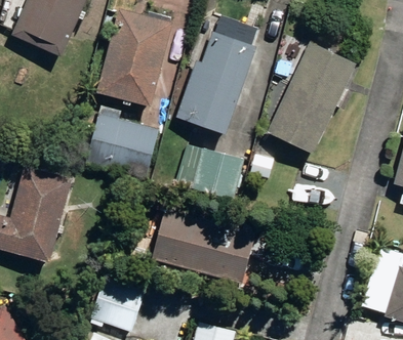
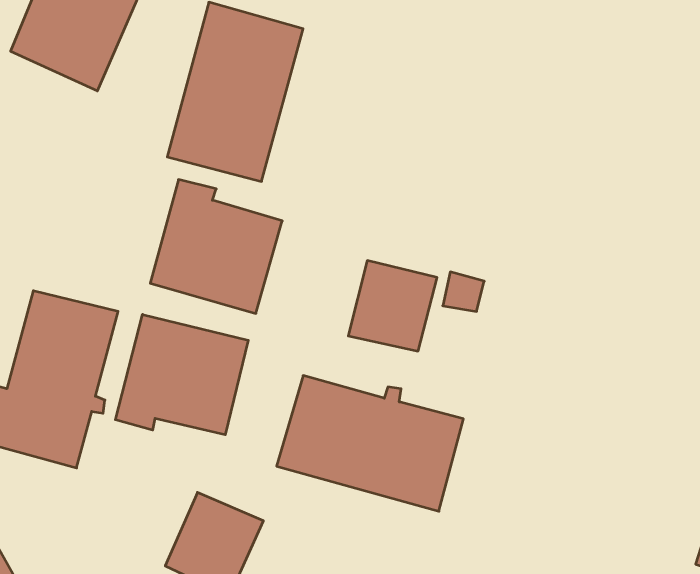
building: [176,31,256,134] -> none
building: [267,41,356,155] -> none
building: none -> [115,314,248,435]

